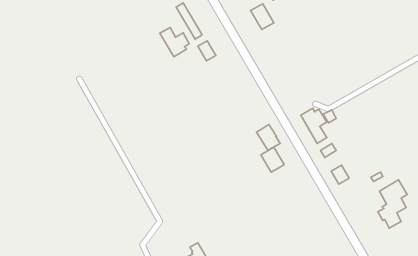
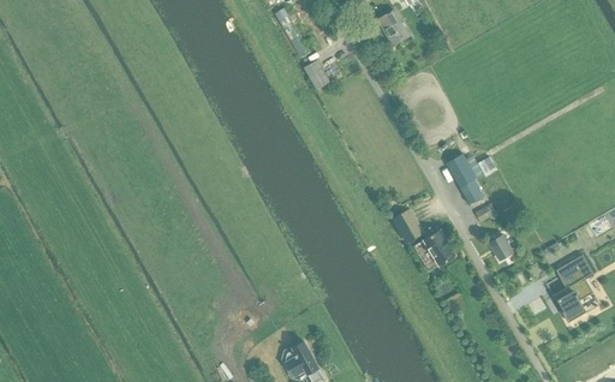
building: [160,28,189,57] -> none
building: [257,124,280,150] -> [423,228,455,264]

